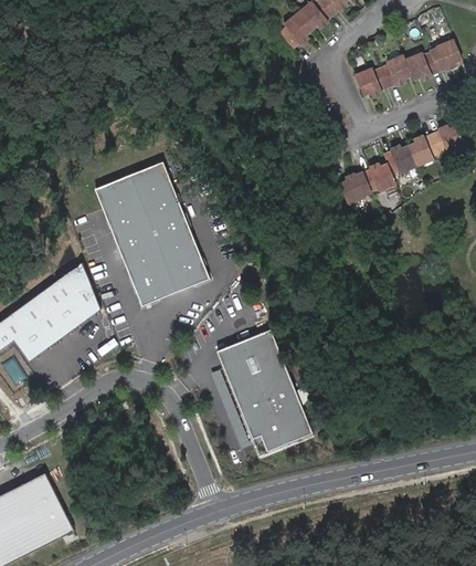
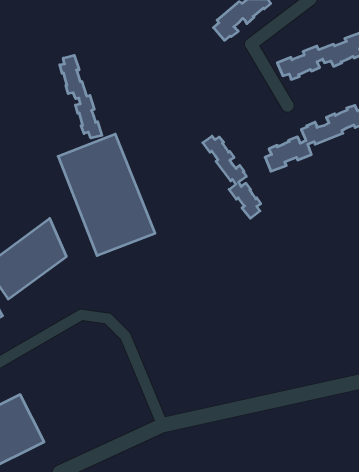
building: none -> [60,55,102,138]
building: none -> [203,136,261,218]
building: [214,329,313,458] -> none

